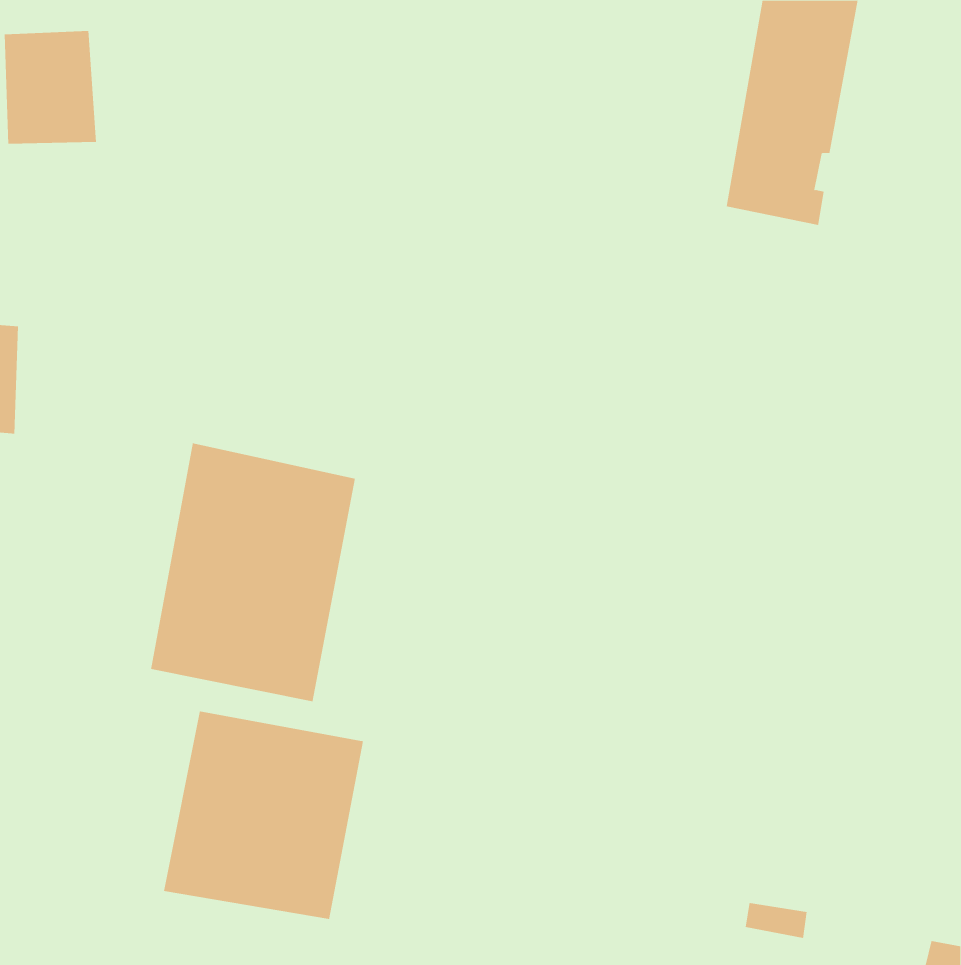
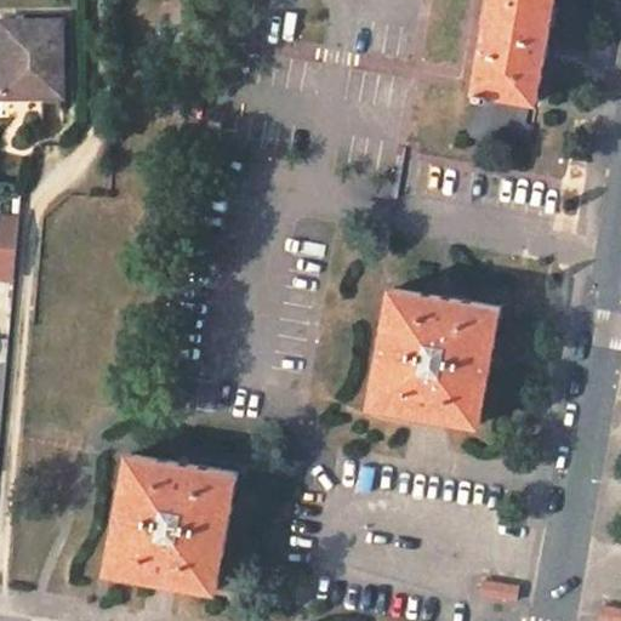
building: [151,442,356,702] -> none
building: none -> [371,292,495,426]

